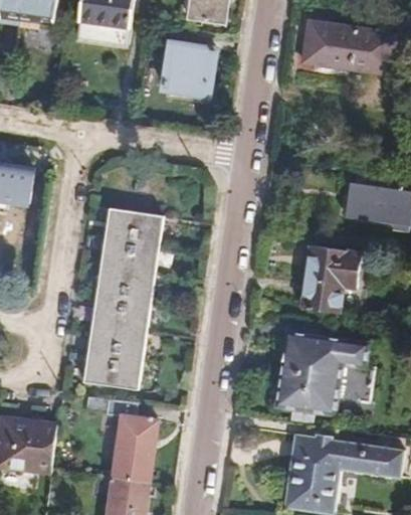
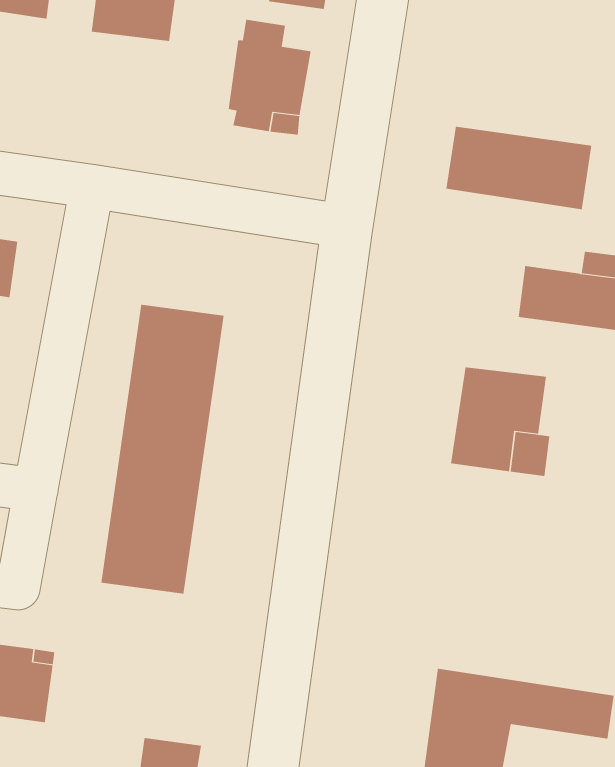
building: [303,22,395,74] -> [446,126,592,210]
building: [276,329,366,413] -> none
building: [102,399,155,483] -> none

